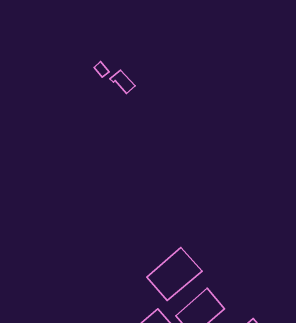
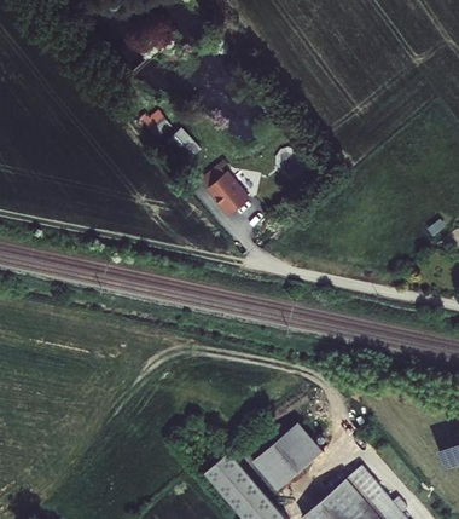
building: none -> [199,157,246,207]
building: [147,247,202,301] -> none

